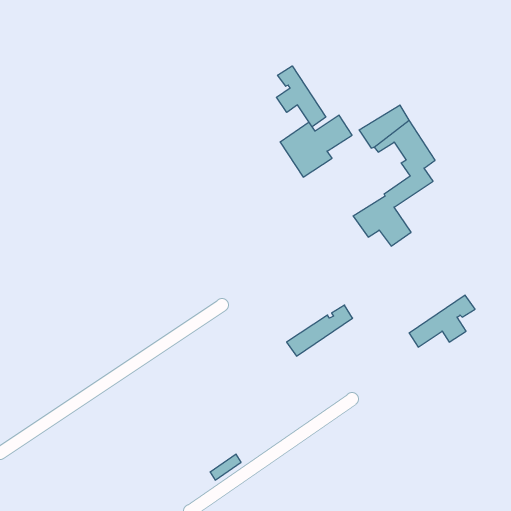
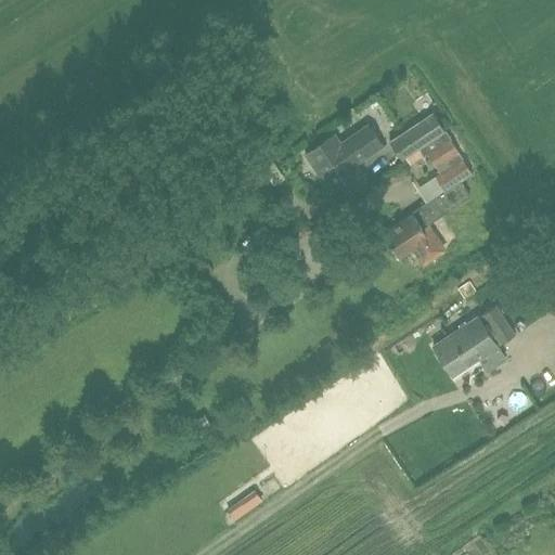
building: [276,66,326,127] -> none
building: [287,305,353,356] -> [433,306,504,361]

